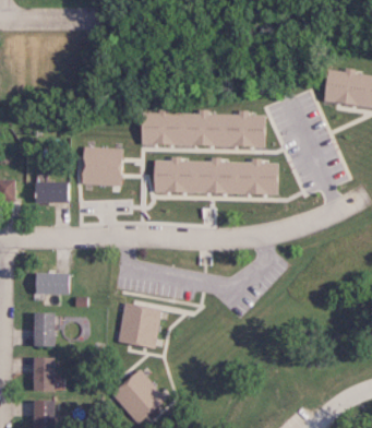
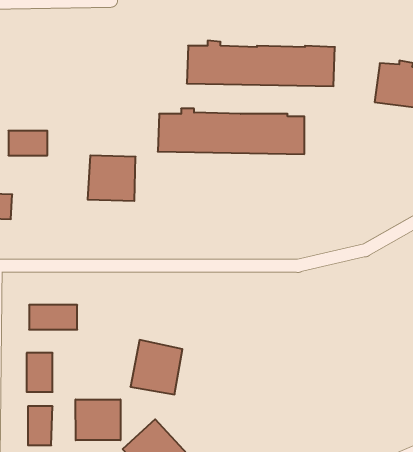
building: [152,156,276,194] -> [187,41,335,86]
building: [33,182,65,203] -> [8,131,47,155]
building: none -> [76,399,120,440]

